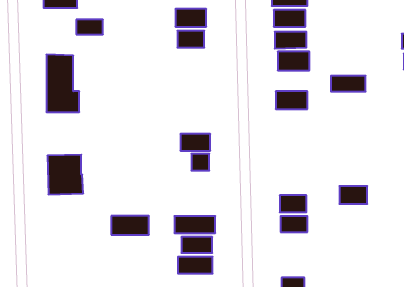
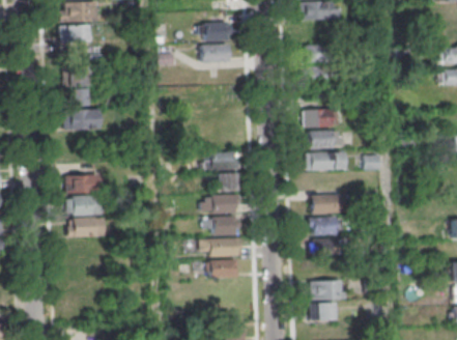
building: [76,20,103,34] -> [60,26,88,41]
building: [331,76,366,92] -> [306,131,342,147]
building: none -> [307,152,344,170]
building: none -> [202,195,239,212]
building: [339,186,367,204] -> [311,195,340,214]
building: [111,216,149,235] -> [66,218,106,237]
building: none -> [311,280,344,300]
building: [178,257,213,274] -> [204,217,240,234]

